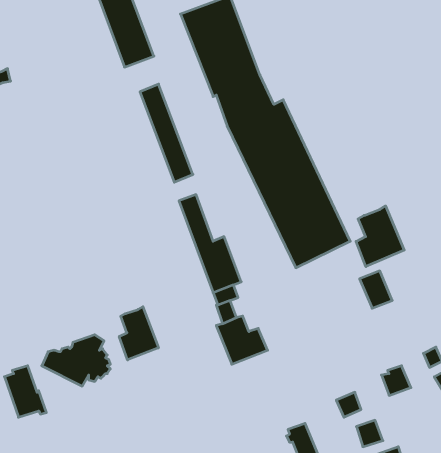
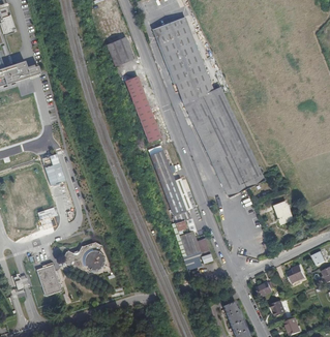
building: [356,206,404,267] -> none
building: [119,307,158,360] -> none

